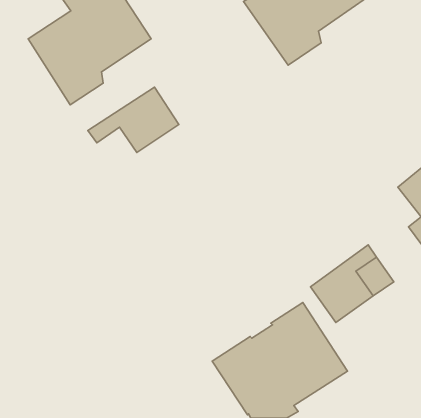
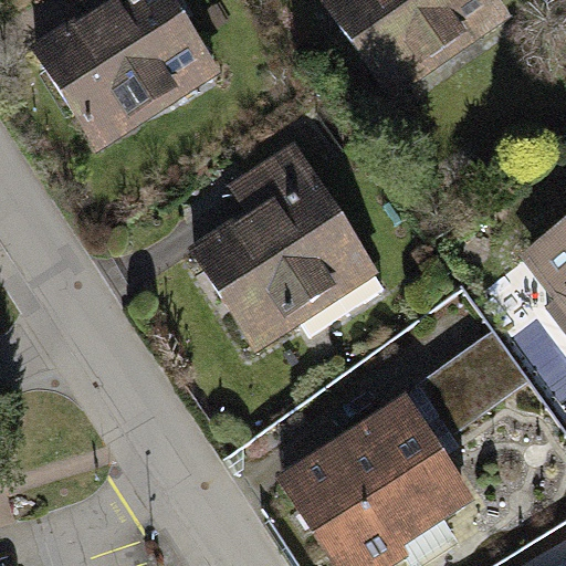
building: [88,87,179,152] -> none
building: none -> [196,149,384,340]

